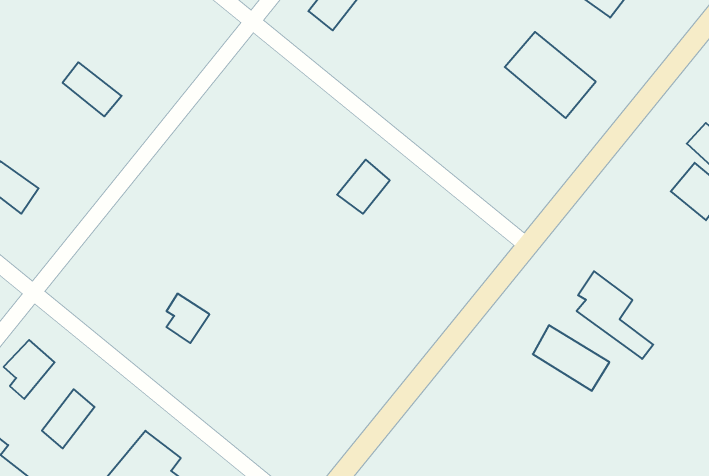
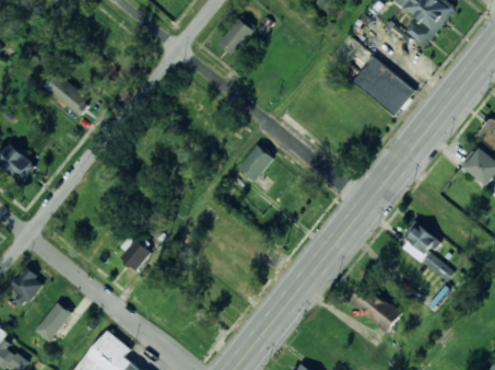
building: [533,325,609,391] -> [349,286,401,331]

